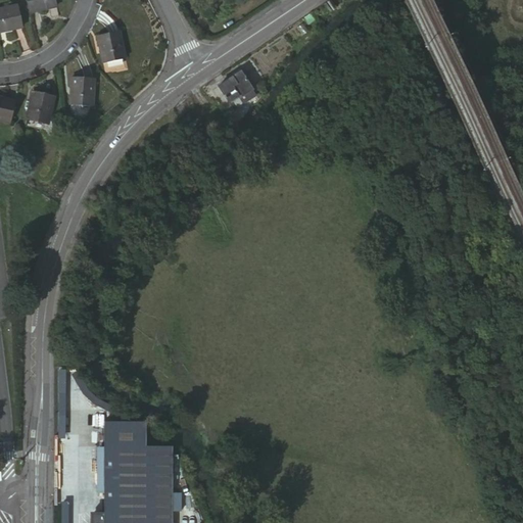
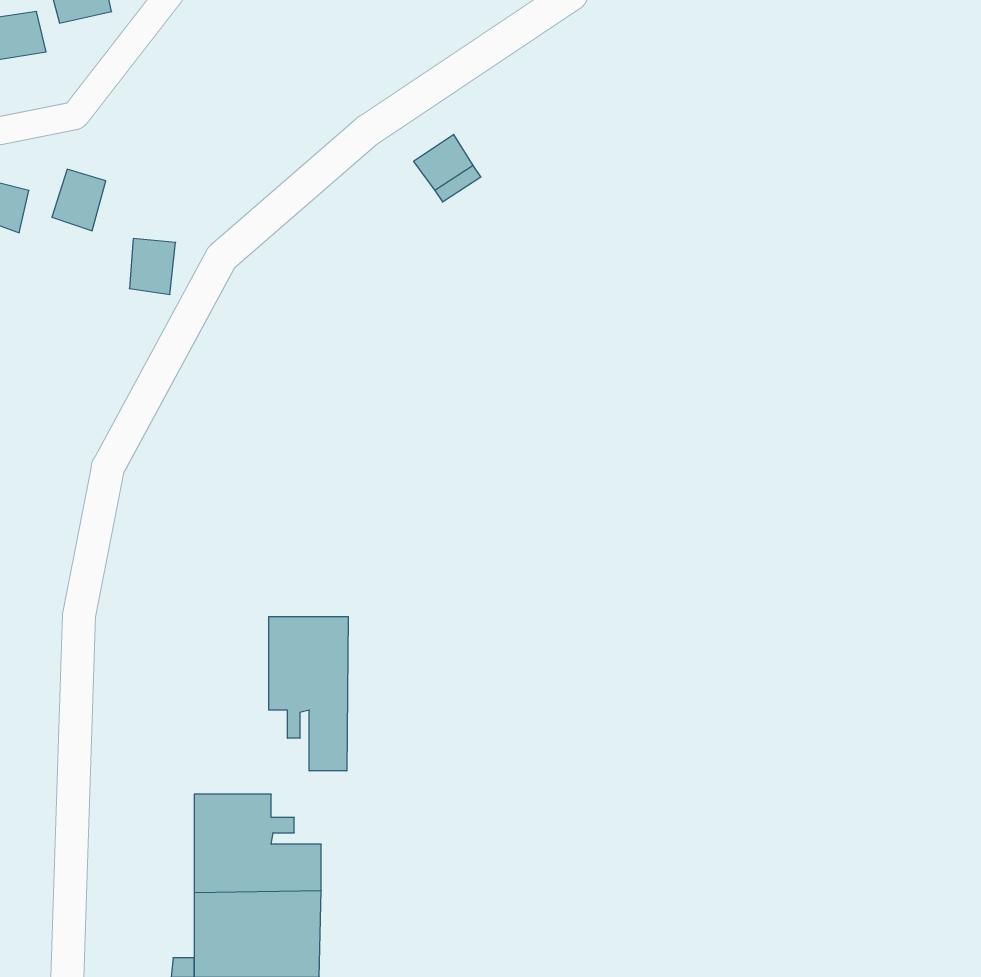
building: [97,33,124,64] -> none
building: [72,79,96,108] -> [129,239,176,294]
building: none -> [269,617,348,771]

